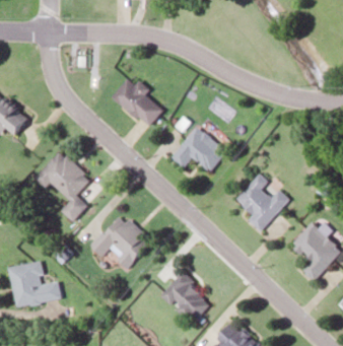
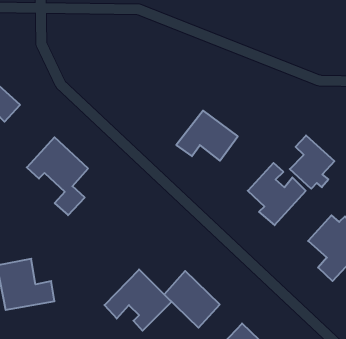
building: [113,78,163,127] -> none
building: none -> [290,135,334,189]
building: [90,212,151,268] -> [104,269,171,331]

